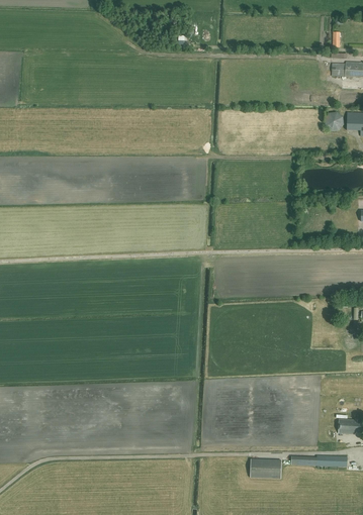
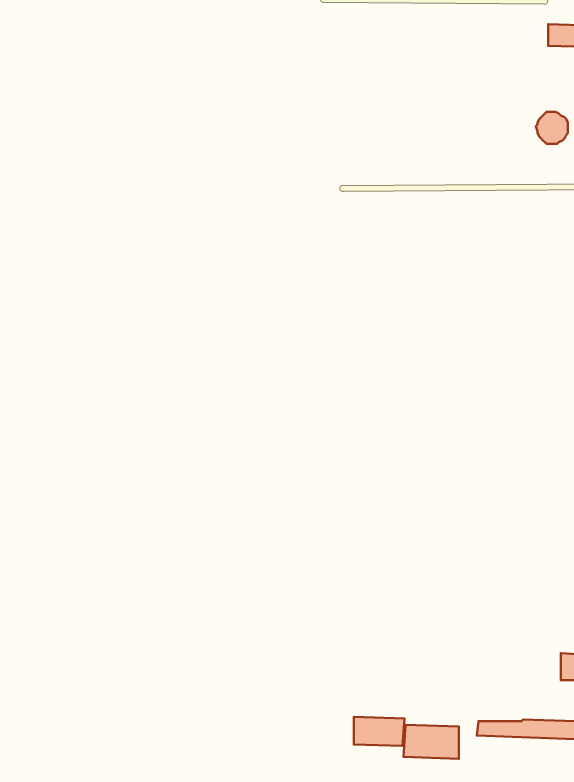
building: none -> [354,717,404,746]

